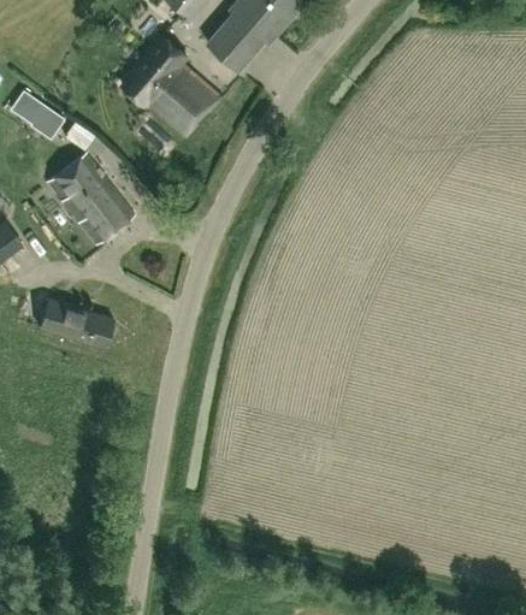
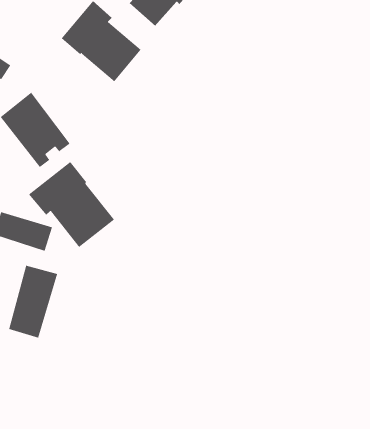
building: none -> [28,161,115,248]
building: none -> [8,265,58,339]

